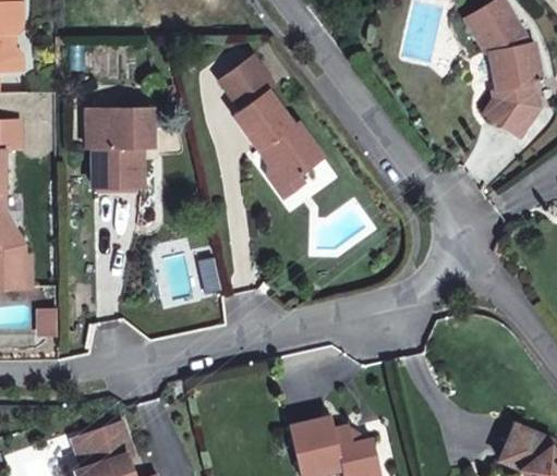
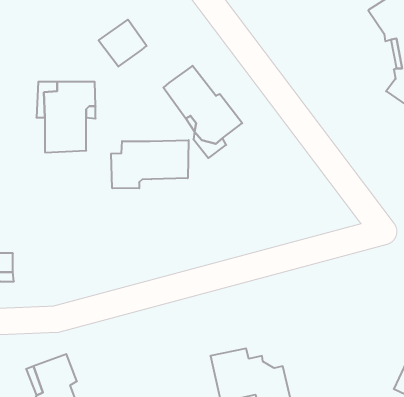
building: [214,53,269,108] -> [99,20,147,67]
building: none -> [111,140,189,188]

